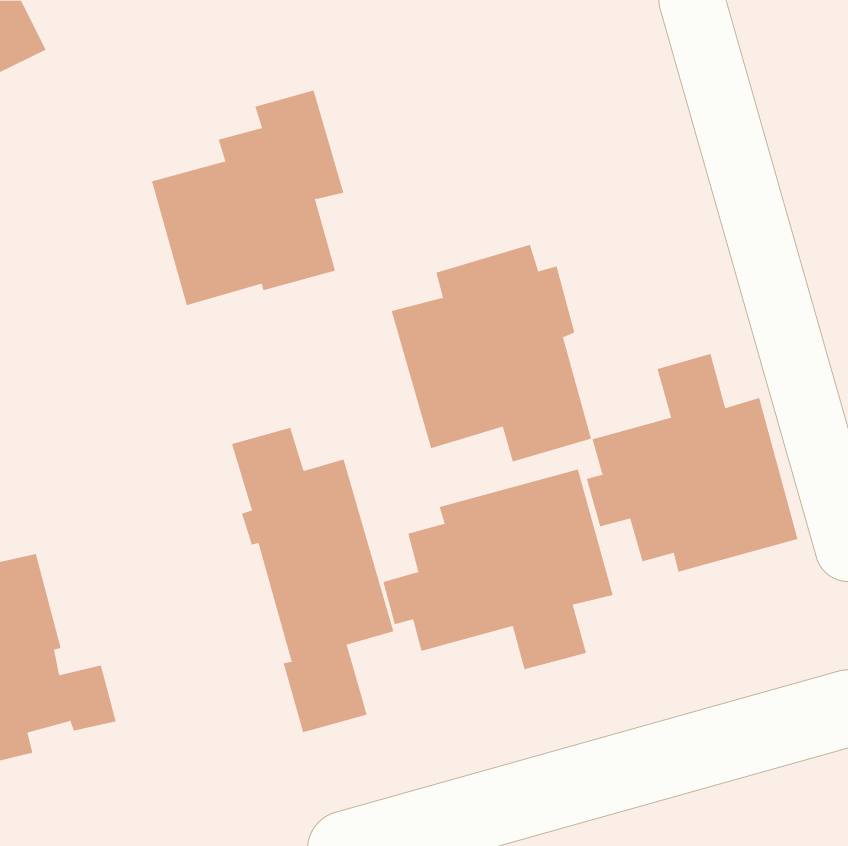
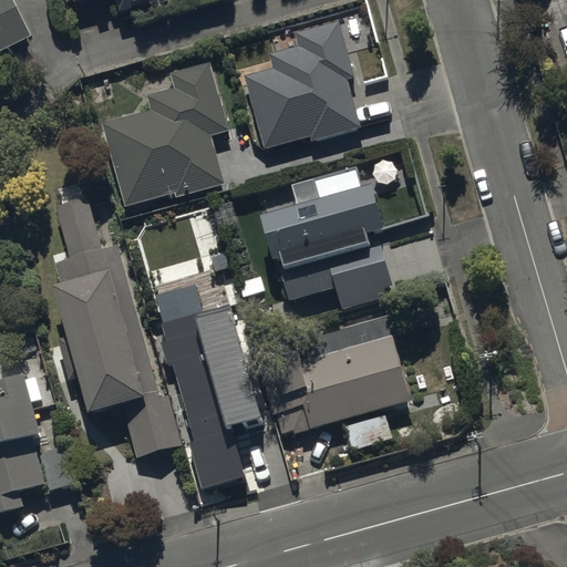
building: none -> [243,20,360,150]
building: none -> [51,199,185,458]
building: [586,353,798,572] -> none

